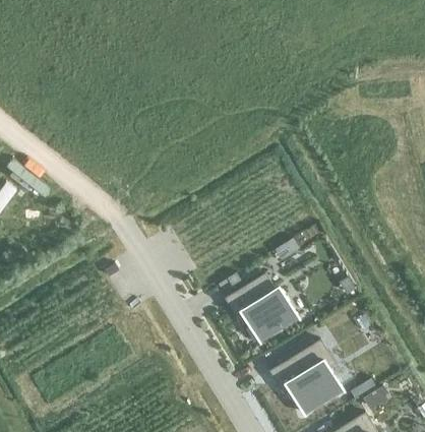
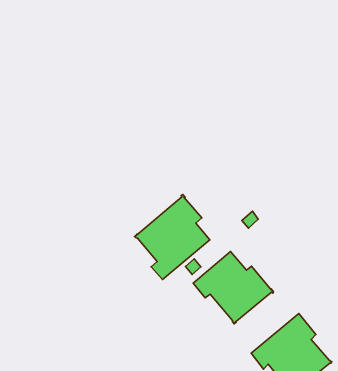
building: none -> [135,194,210,279]

